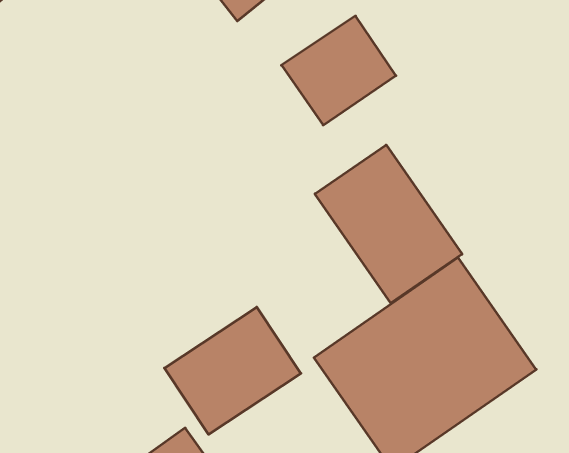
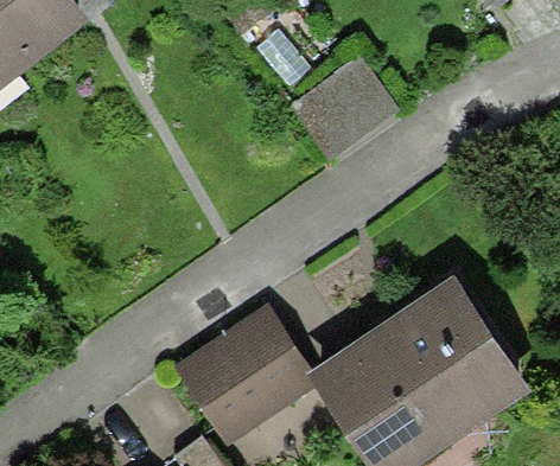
building: [315,145,462,303] -> none

